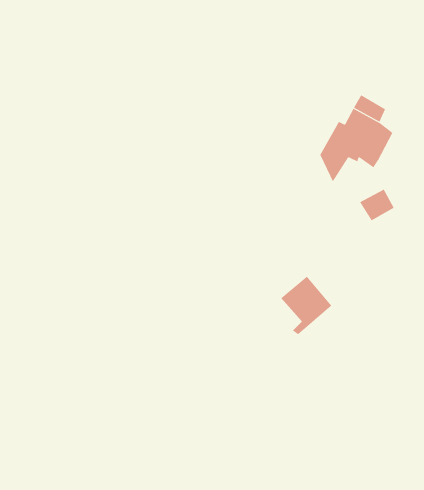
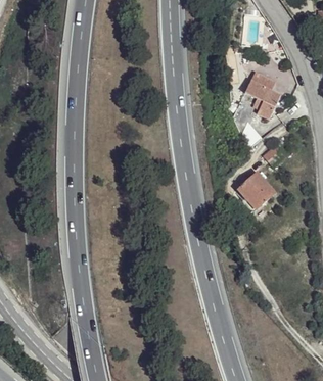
building: [280,276,332,335] -> [239,173,275,213]

